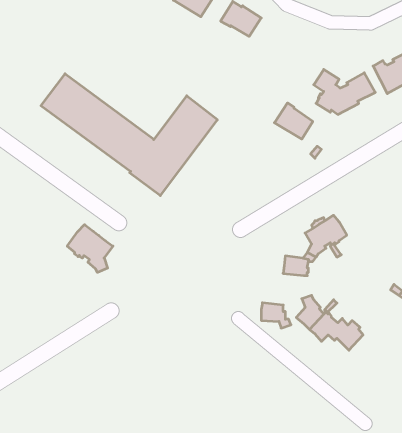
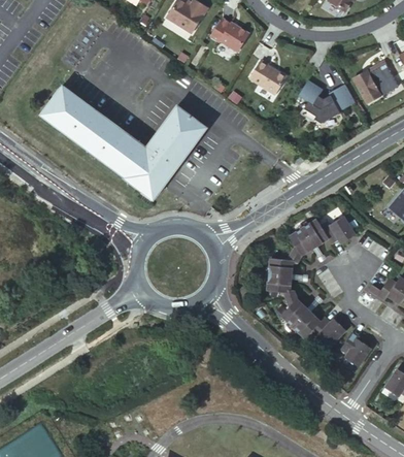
building: [274,103,313,139] -> [249,59,285,93]
building: none -> [322,216,355,243]
building: [67,225,113,272] -> none
building: [261,303,291,328] -> [268,273,296,297]
building: none -> [340,333,369,368]

